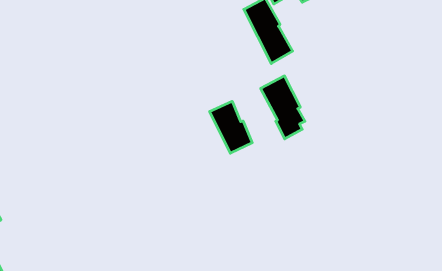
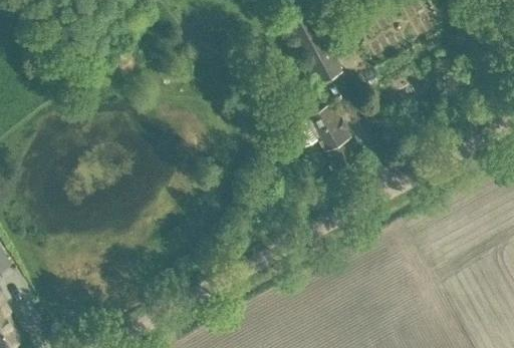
building: [210,101,252,153] -> none

